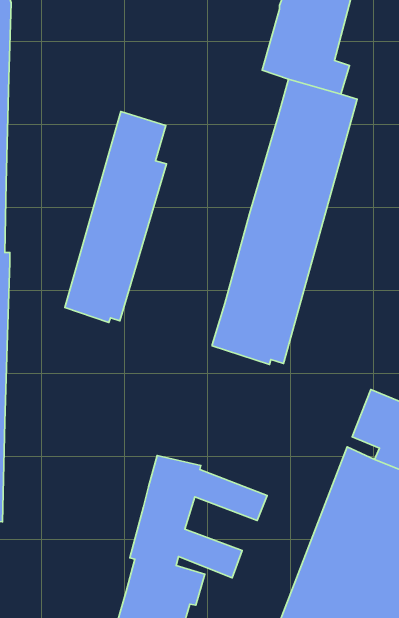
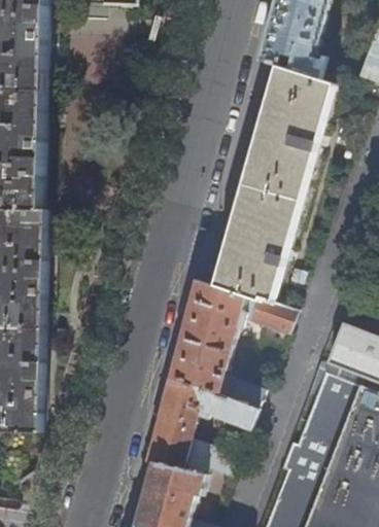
building: [65,112,166,322] -> none
building: none -> [167,281,294,411]

